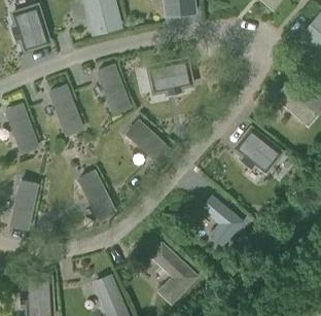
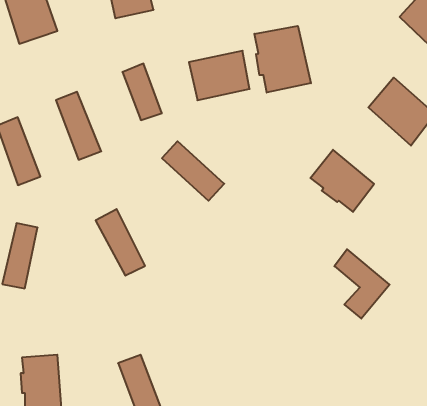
building: none -> [254,26,311,93]
building: [203,196,243,246] -> [334,249,390,319]
building: [151,240,200,303] -> none

